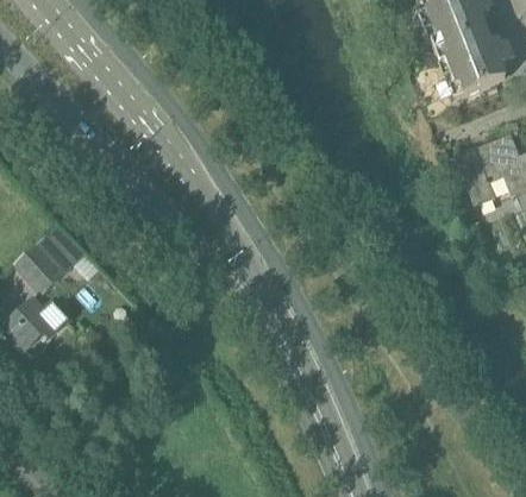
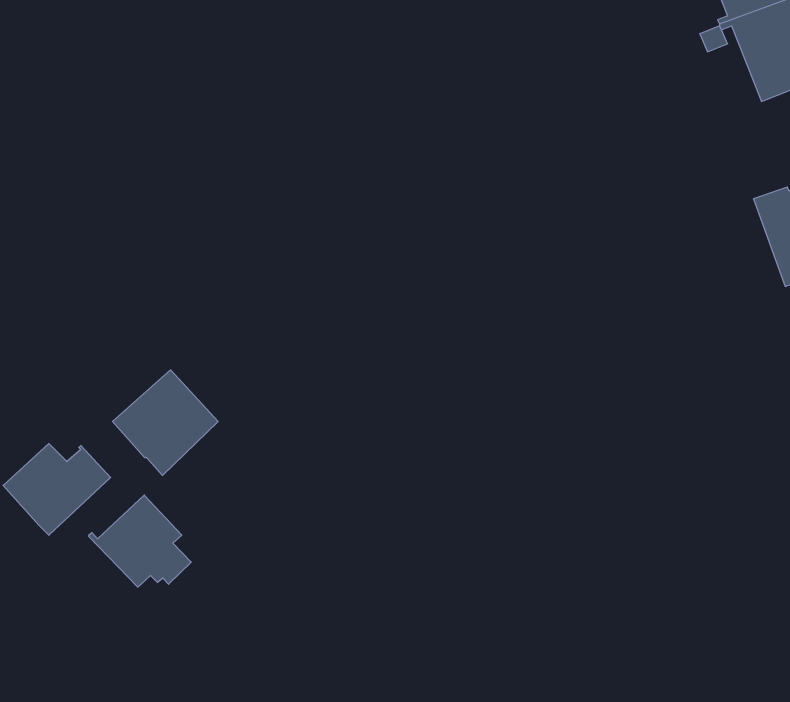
building: [14,231,77,294] -> [113,370,218,475]
building: none -> [88,495,191,587]

